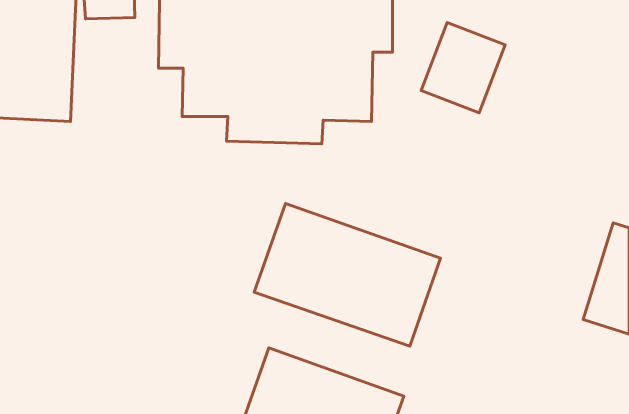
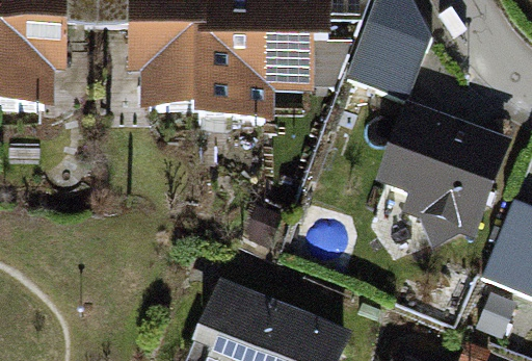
building: none -> [381,101,509,235]
building: [254,204,440,346] -> none

